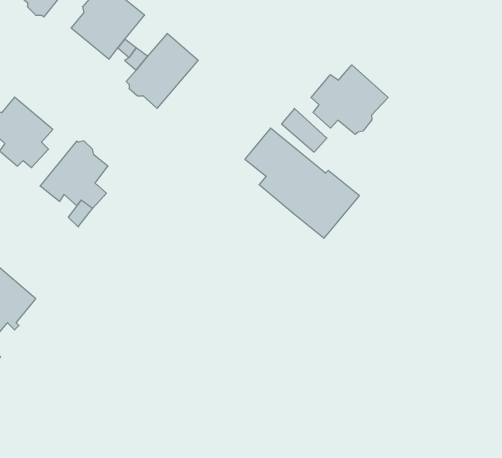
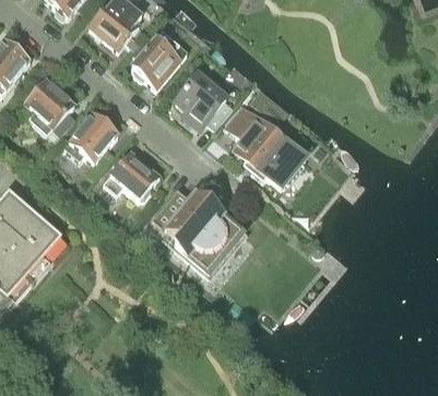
building: [311,65,388,134] -> none
building: none -> [175,69,233,128]
building: none -> [103,152,158,201]
building: none -> [151,189,238,274]

